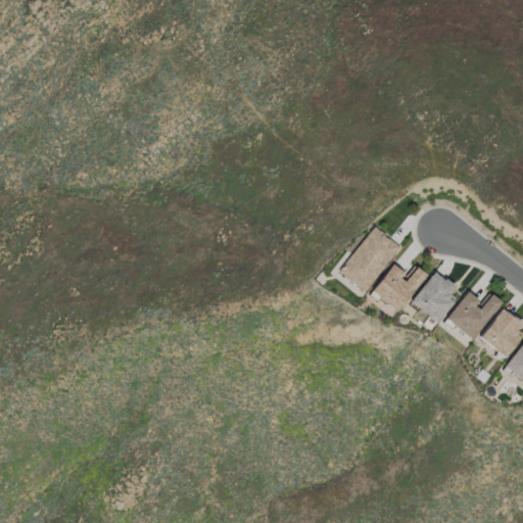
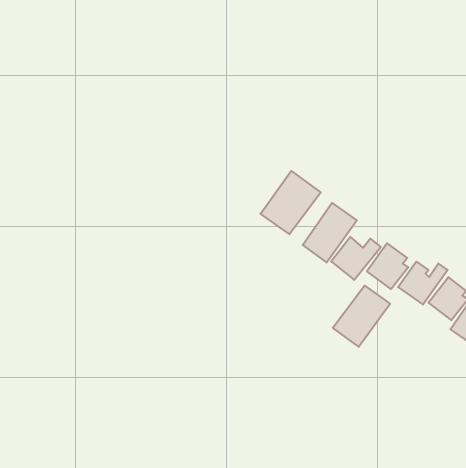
building: none -> [260,171,321,234]
building: none -> [333,286,390,347]

